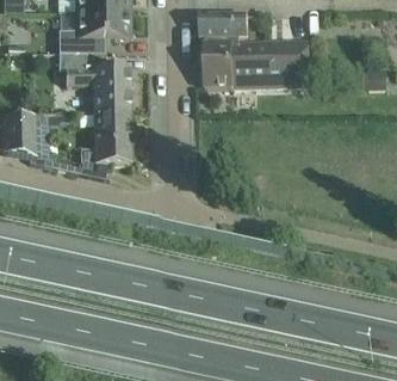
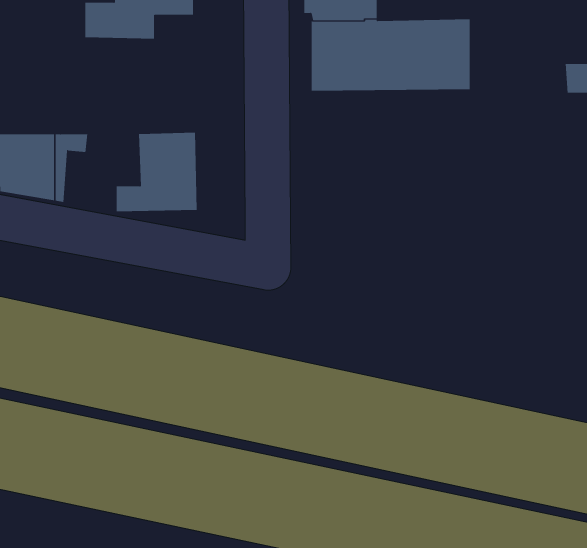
building: [60,54,130,113] -> none

